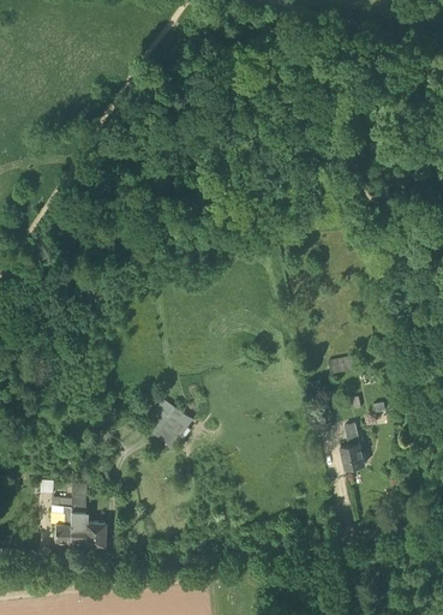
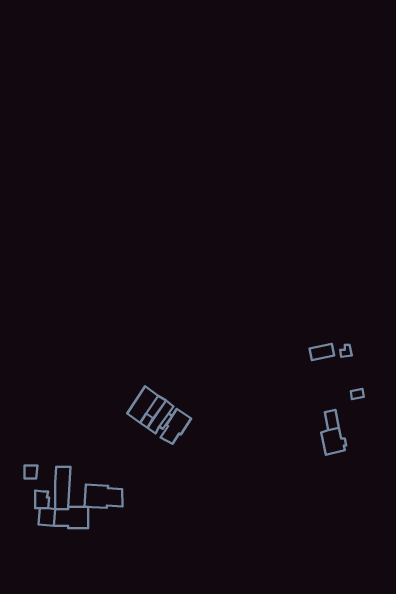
building: none -> [161,409,191,444]
building: none -> [85,485,123,508]

